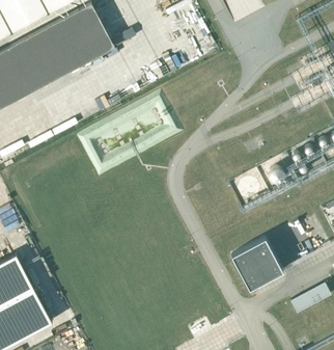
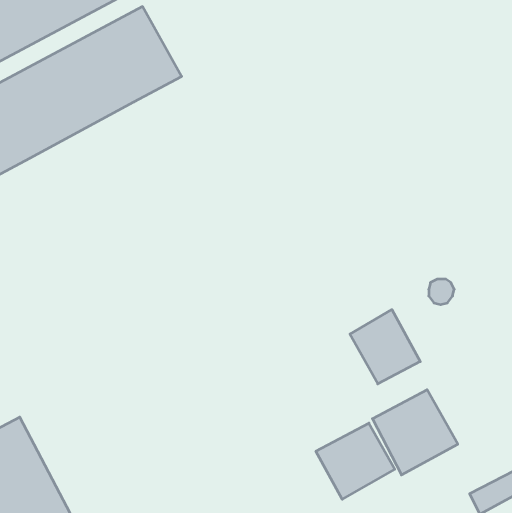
building: none -> [350,310,420,384]
building: none -> [316,423,395,499]

